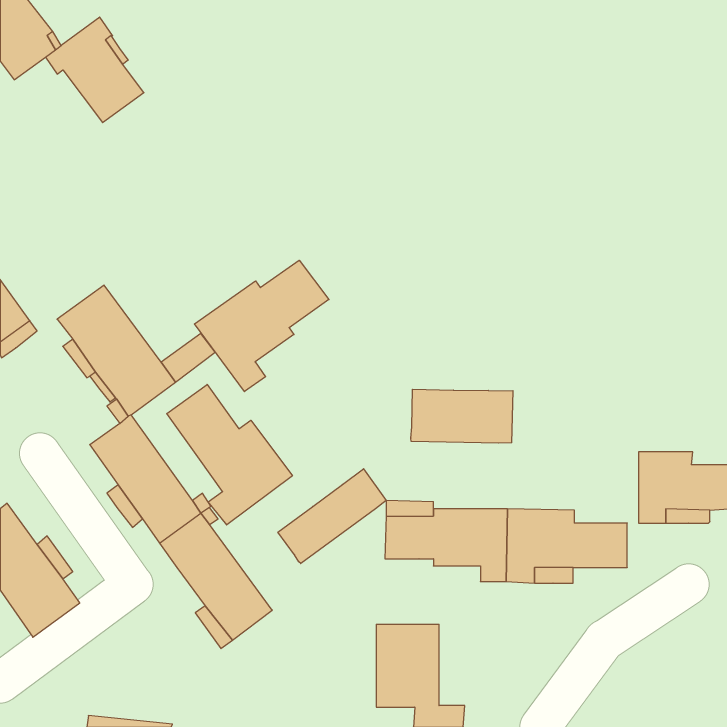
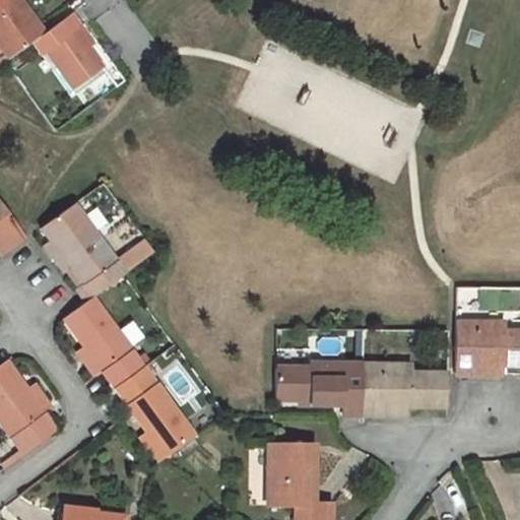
building: [194,260,329,392] -> none
building: [167,384,292,525] -> none
building: [411,389,513,443] -> none
building: [278,469,386,564] -> none

